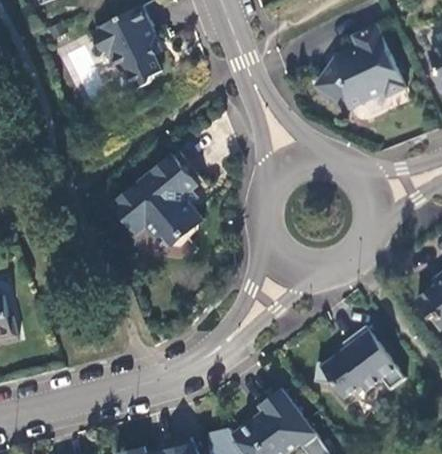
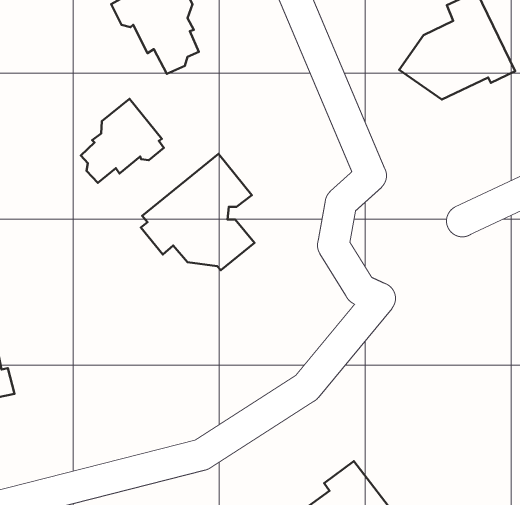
building: none -> [81,99,164,183]
building: [313,326,404,398] -> none

